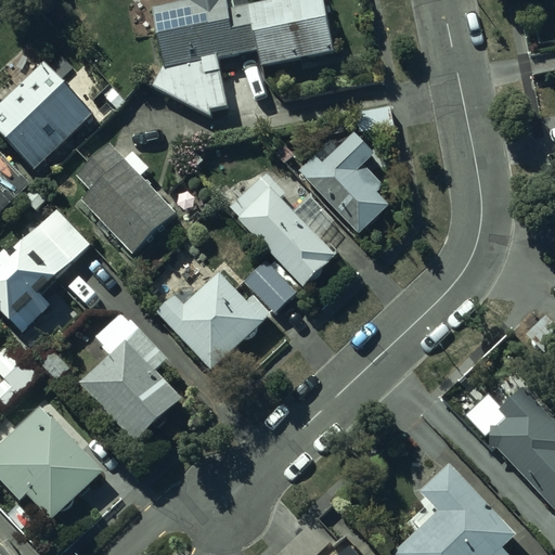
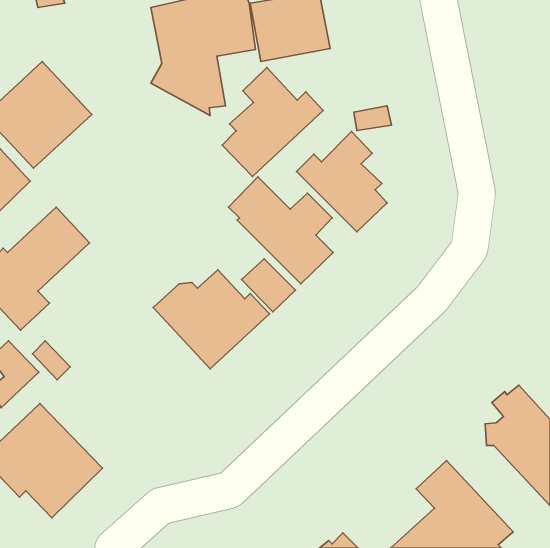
building: none -> [222,67,323,177]
building: [76,143,176,254] -> none
building: [78,314,181,442] -> none

